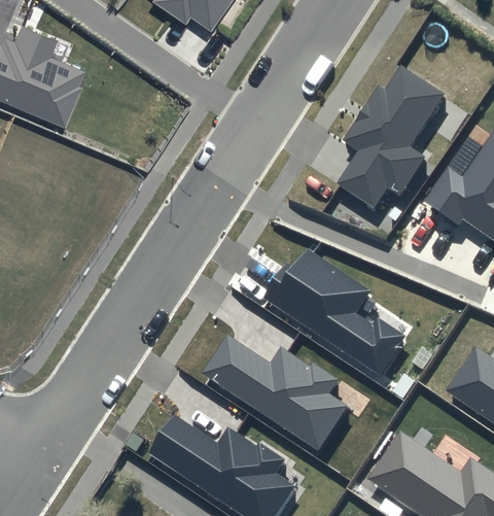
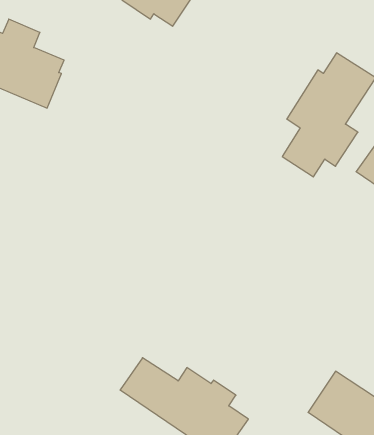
building: [266,246,408,376] -> none
building: [203,336,349,450] -> none

